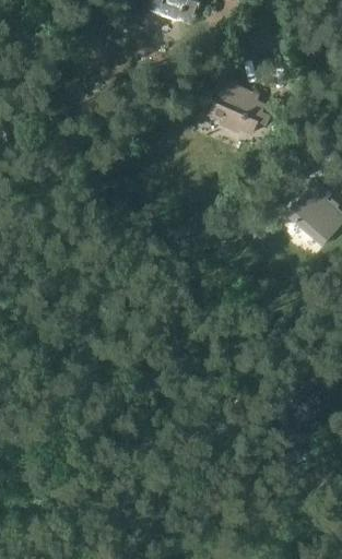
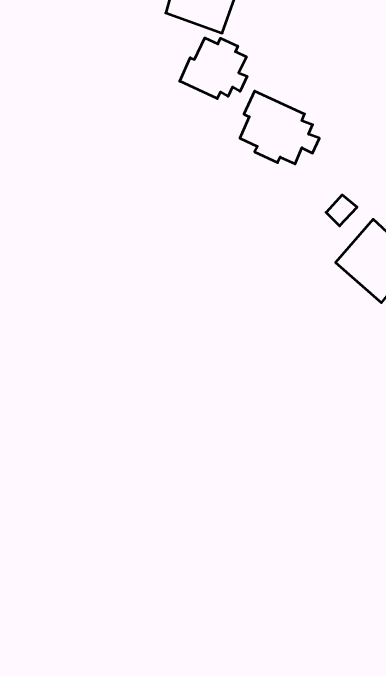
building: none -> [180,38,247,99]

